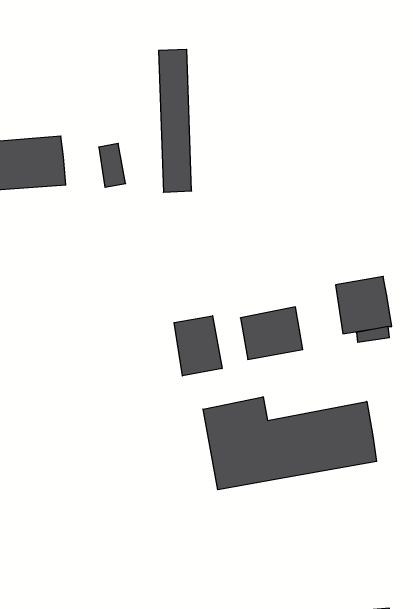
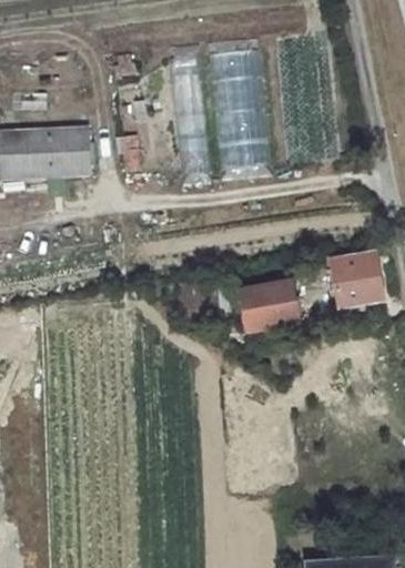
building: [174,316,222,376] -> none
building: [203,397,377,490] -> none

